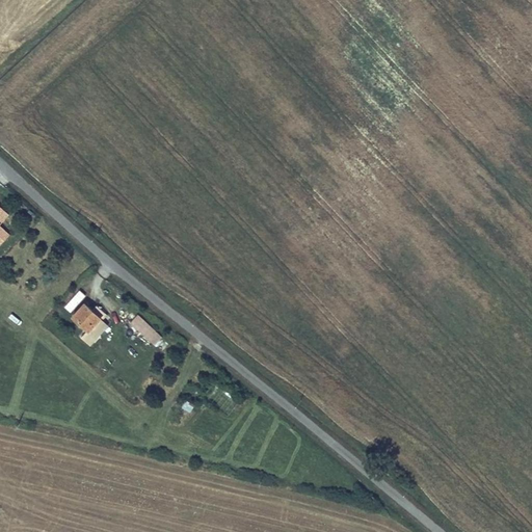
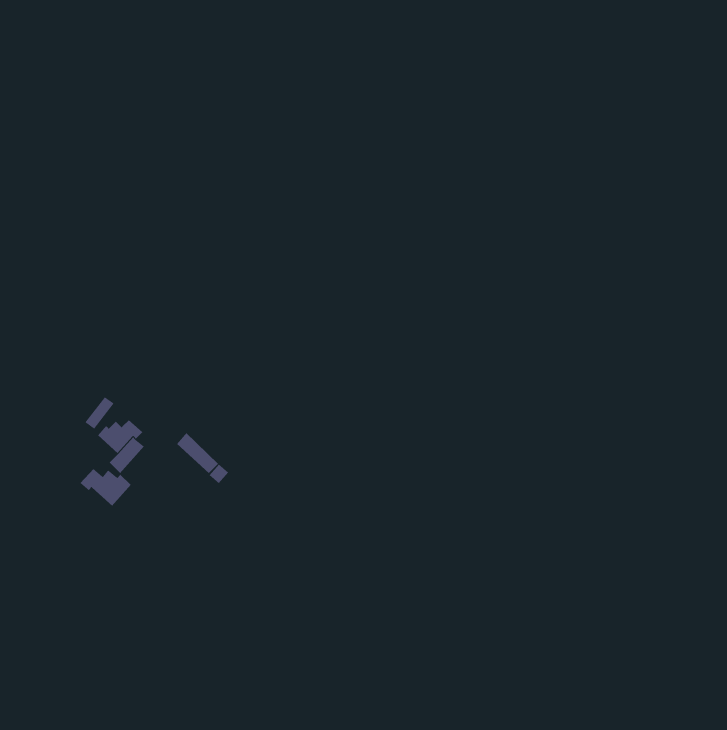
building: none -> [79,468,132,506]

